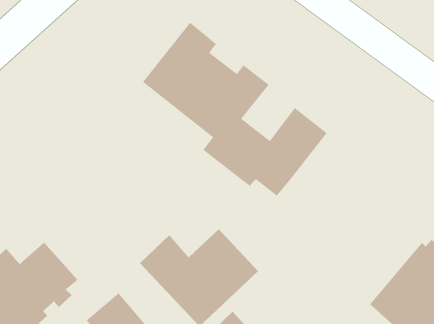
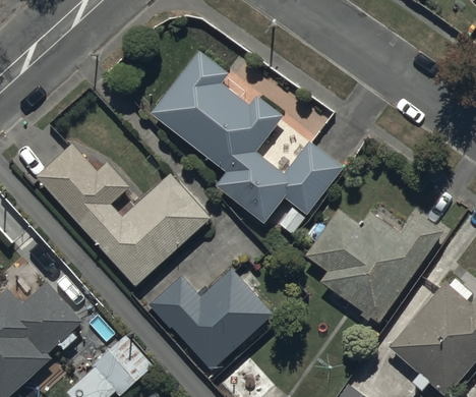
building: none -> [37,145,212,287]
building: none -> [305,209,444,324]

